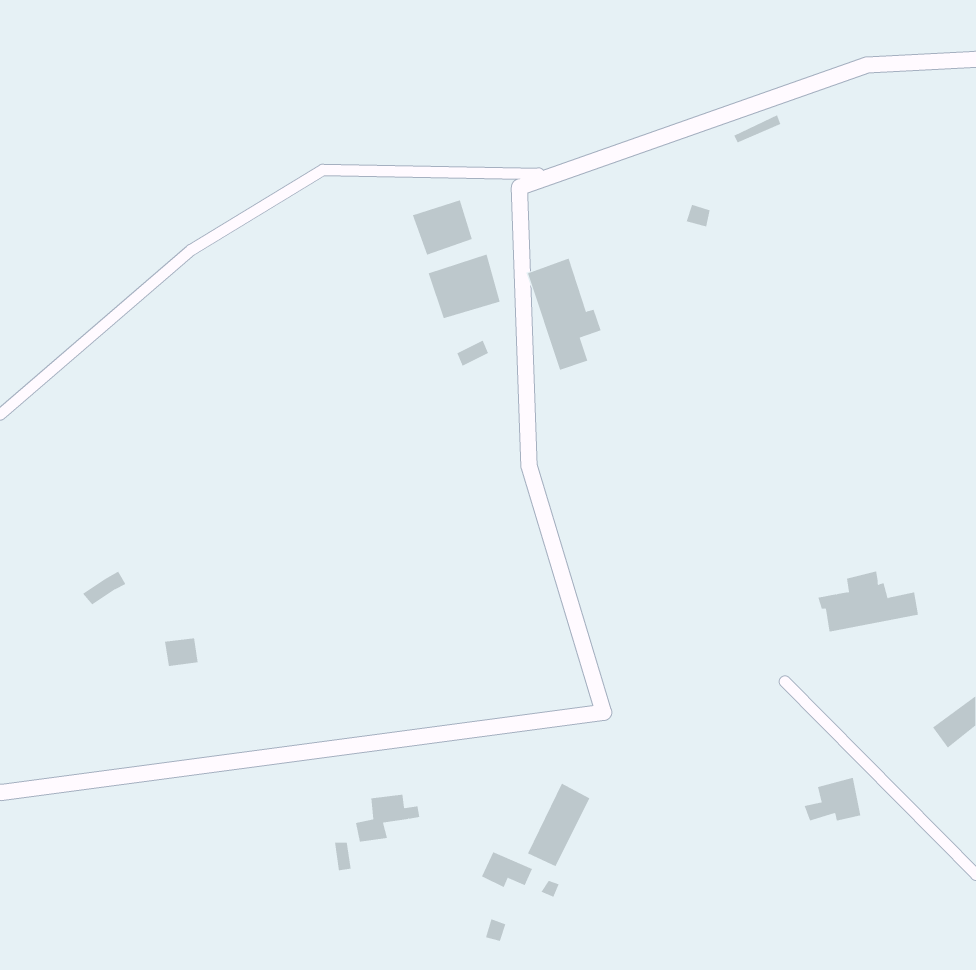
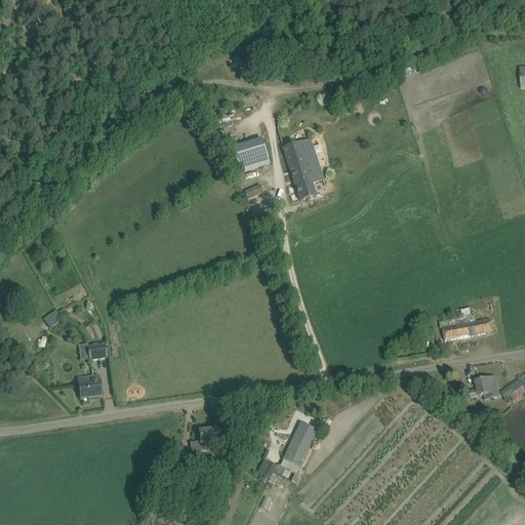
building: [412,199,473,255] -> none
building: none -> [79,374,102,397]
building: [804,777,861,821] -> [469,374,499,398]

